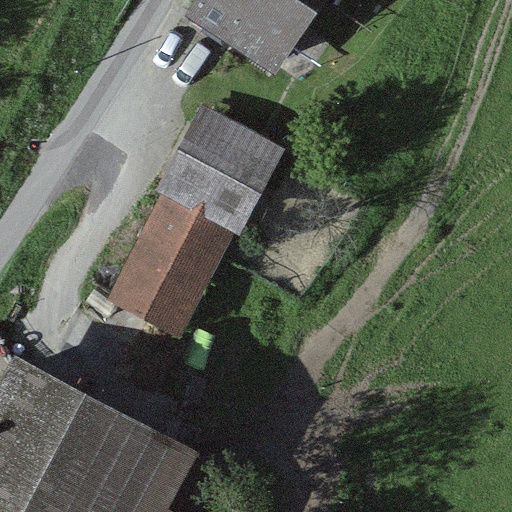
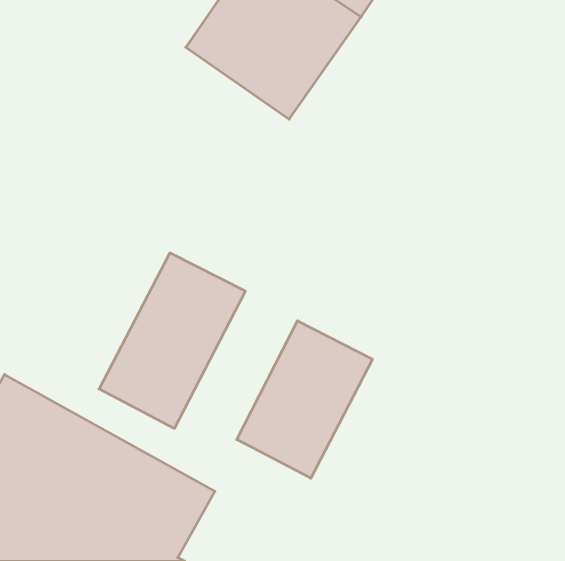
building: [138,131,277,267] -> none
building: none -> [237,321,372,478]

